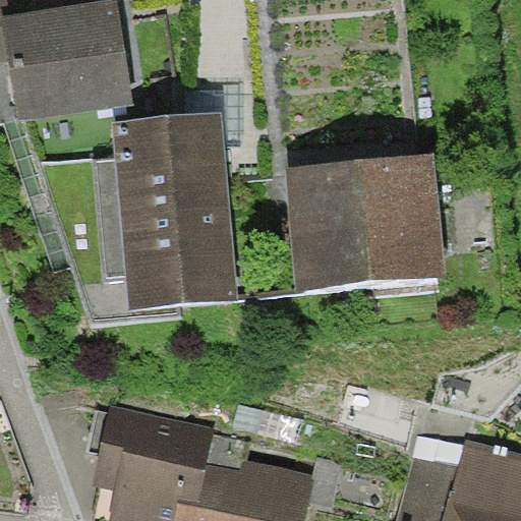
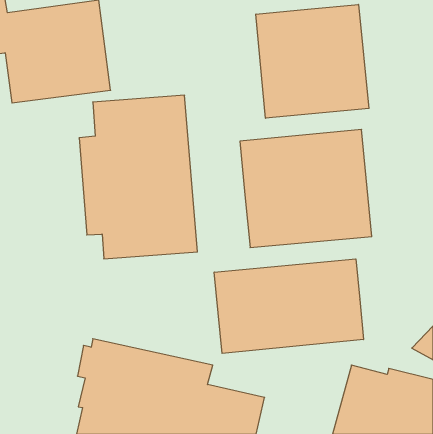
building: none -> [256,4,369,118]
building: none -> [214,259,363,353]

